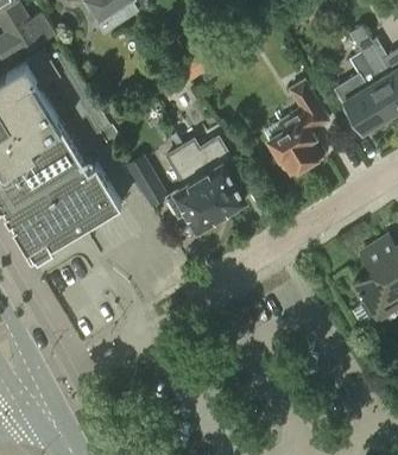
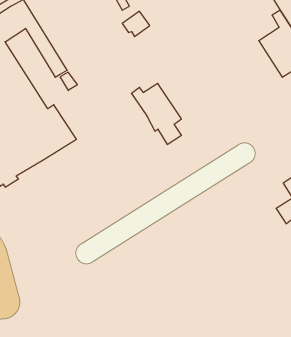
building: [266,82,328,178] -> none
building: [168,153,227,233] -> none
building: [125,157,165,204] -> none

